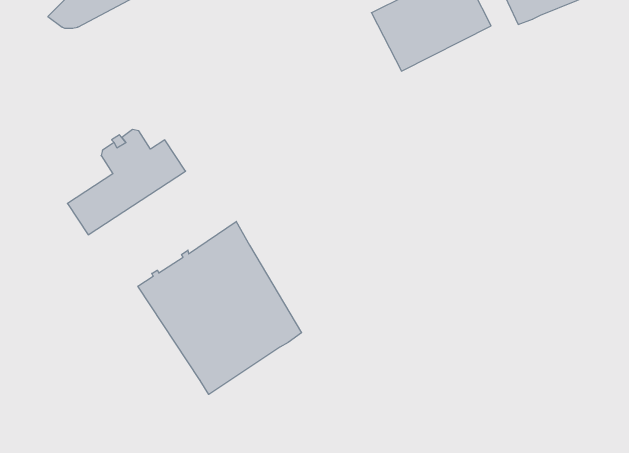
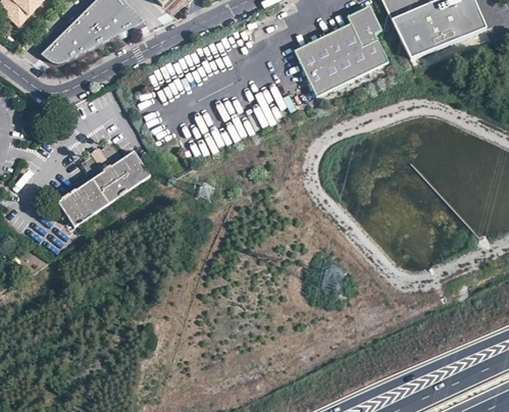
building: [138,221,302,394] -> none

